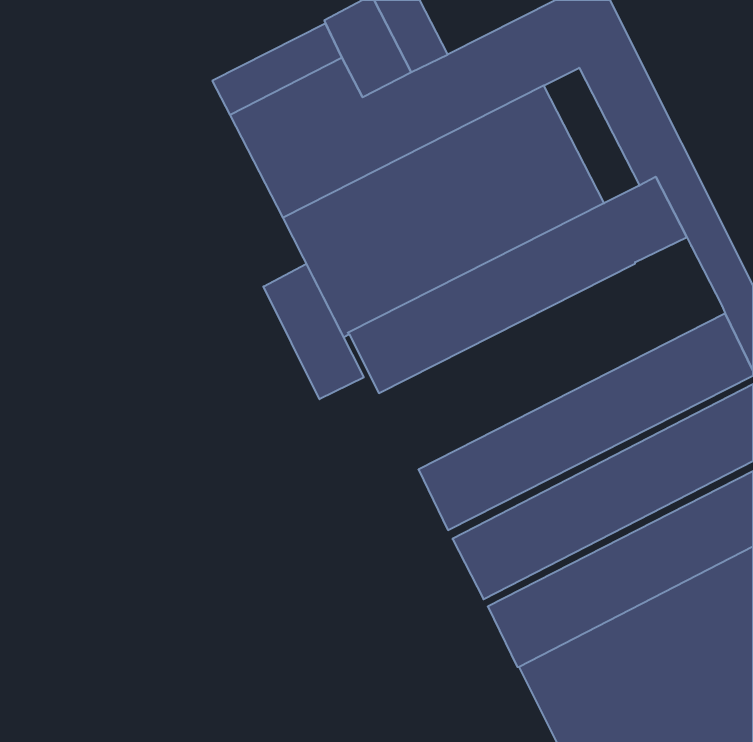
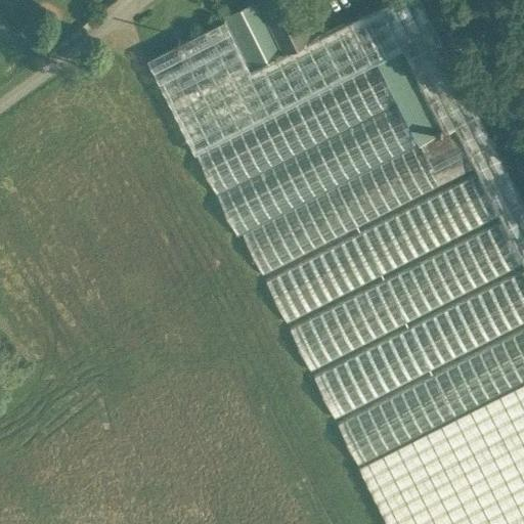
building: none -> [378,54,444,148]
building: none -> [266,178,501,329]
building: [263,264,364,399] -> none

